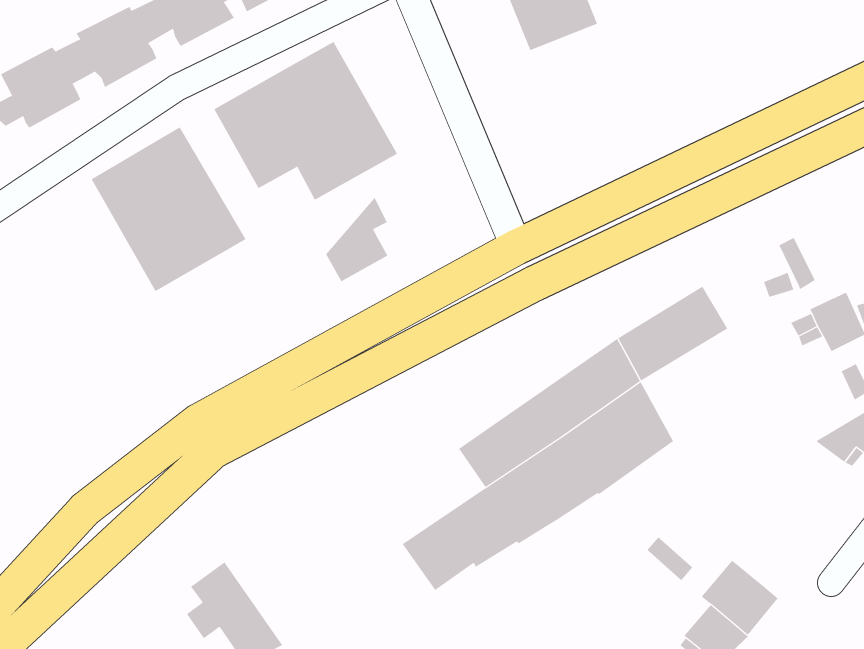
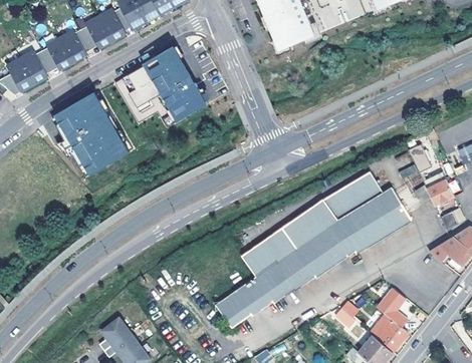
building: [326,197,388,282] -> none
building: none -> [335,188,410,254]
building: none -> [376,288,406,327]

